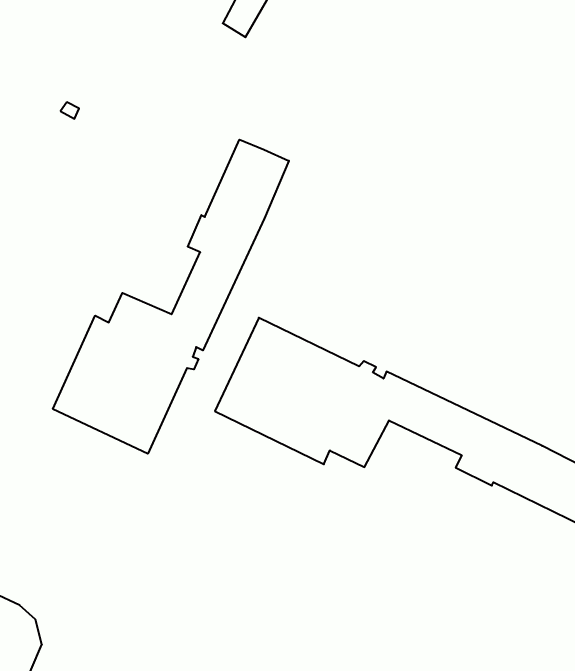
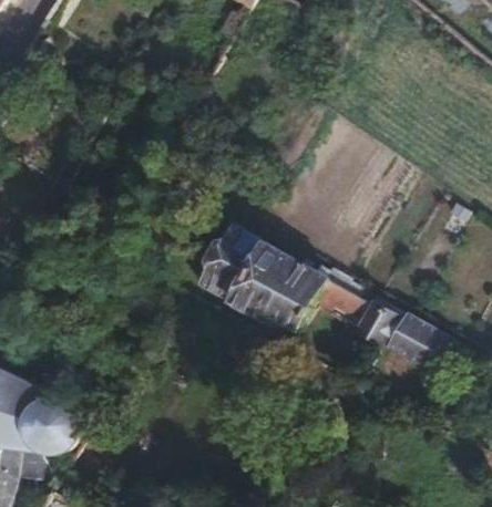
building: [53,140,289,454] -> none

